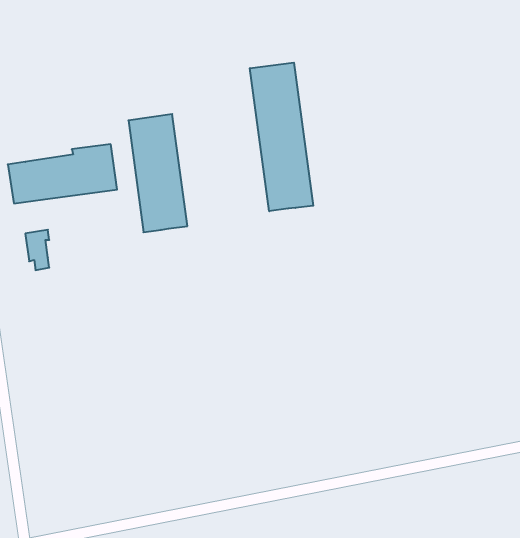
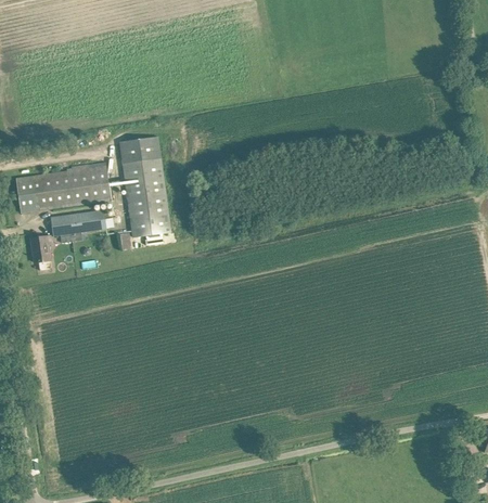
building: [250,63,313,211] -> none
building: none -> [50,209,106,235]

